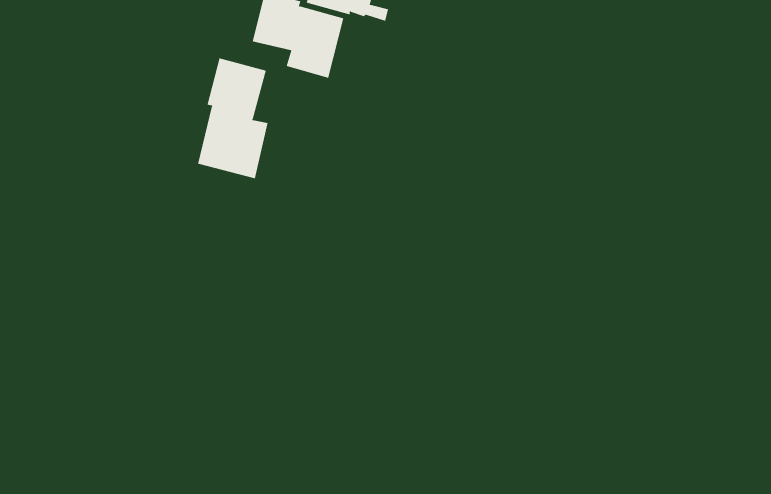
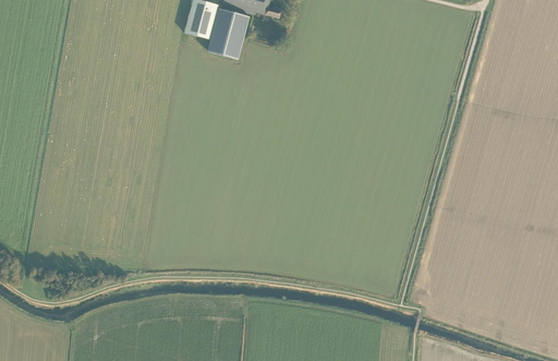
building: [197,58,268,179] -> none

